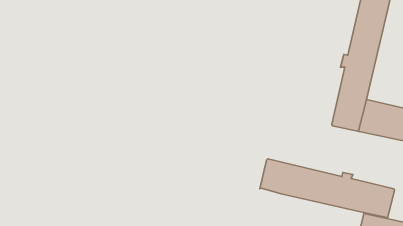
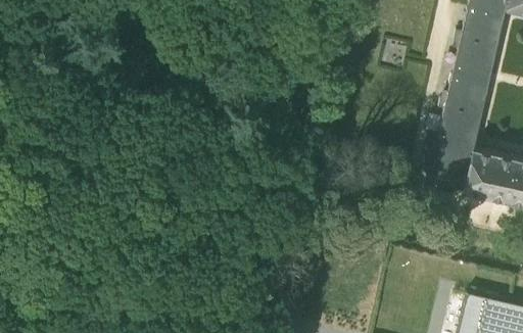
building: [260,159,395,219] -> none

